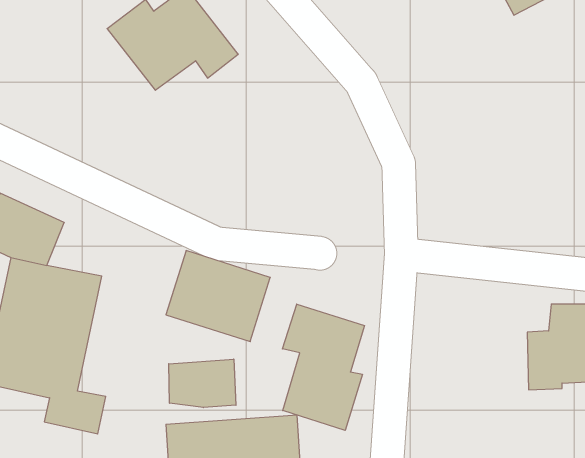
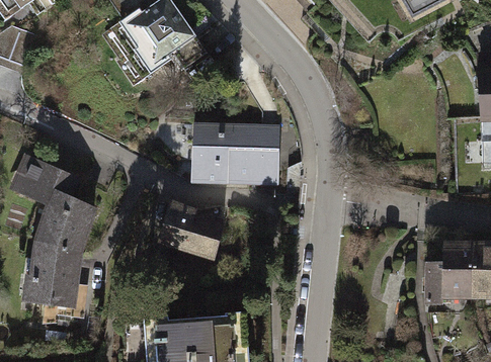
building: none -> [190,114,280,184]
building: [282,304,365,430] -> none
building: [169,359,236,408] -> none

